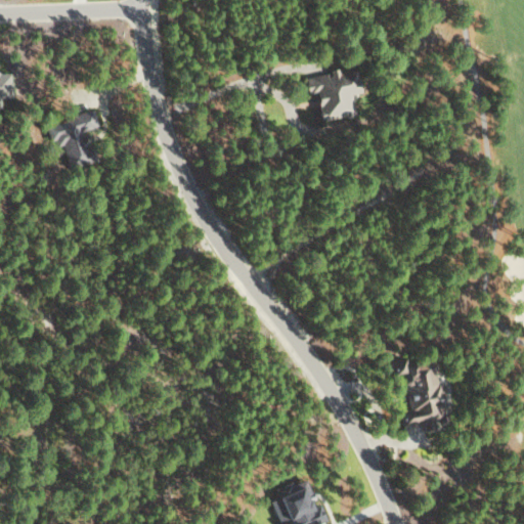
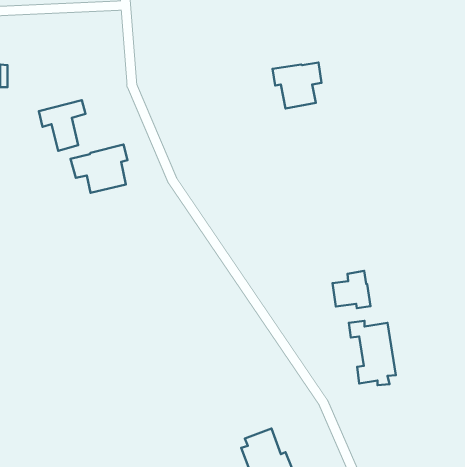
building: none -> [71,144,127,193]
building: none -> [333,271,371,308]

